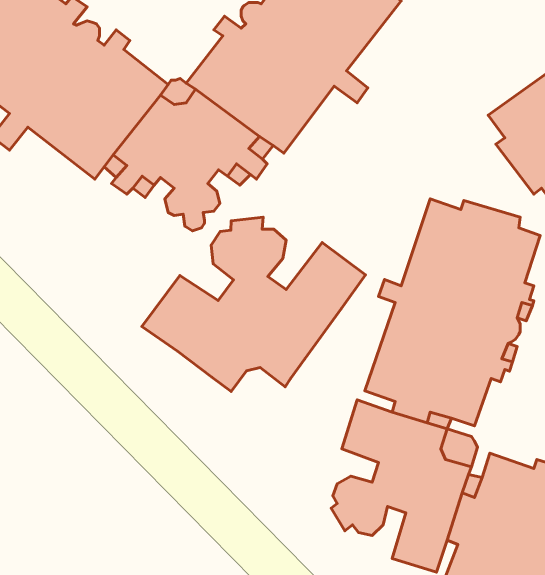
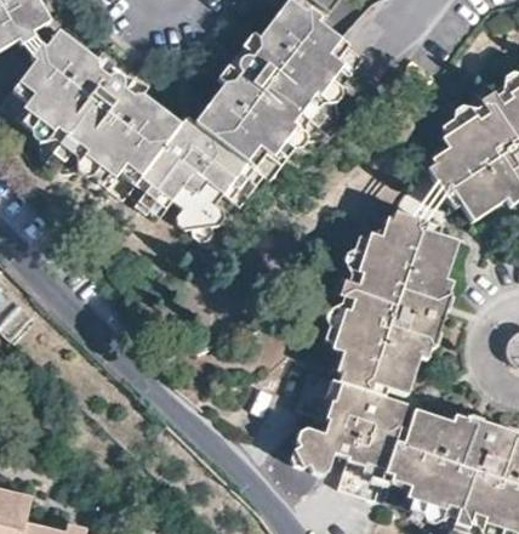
building: [142,217,365,392] -> none

